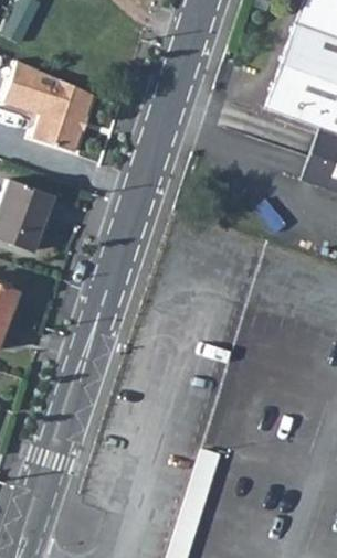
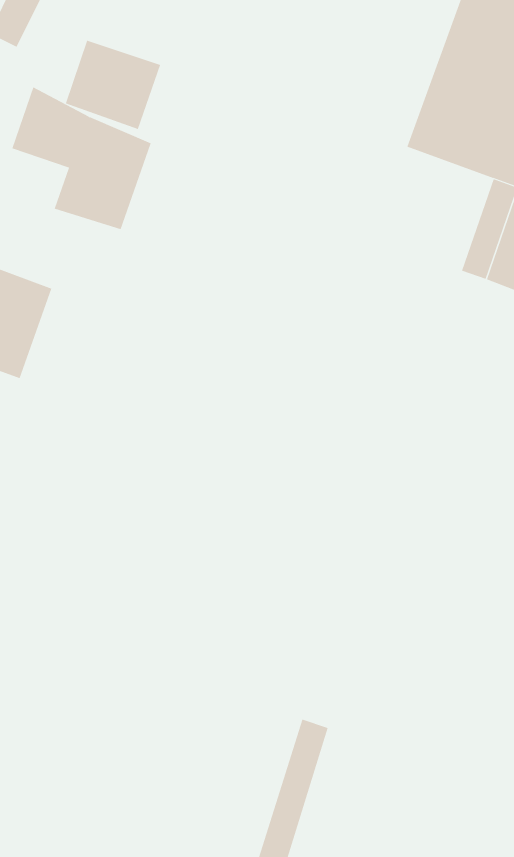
building: none -> [65,40,161,130]

